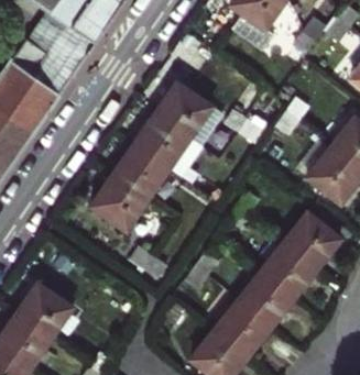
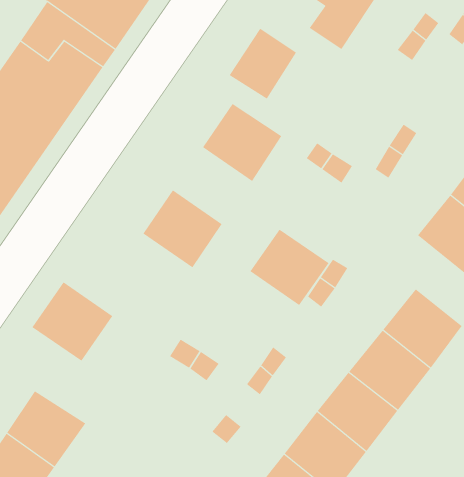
building: none -> [229,28,297,99]
building: [135,112,192,166] -> [249,229,329,306]
building: [92,173,150,229] -> [32,282,113,362]

